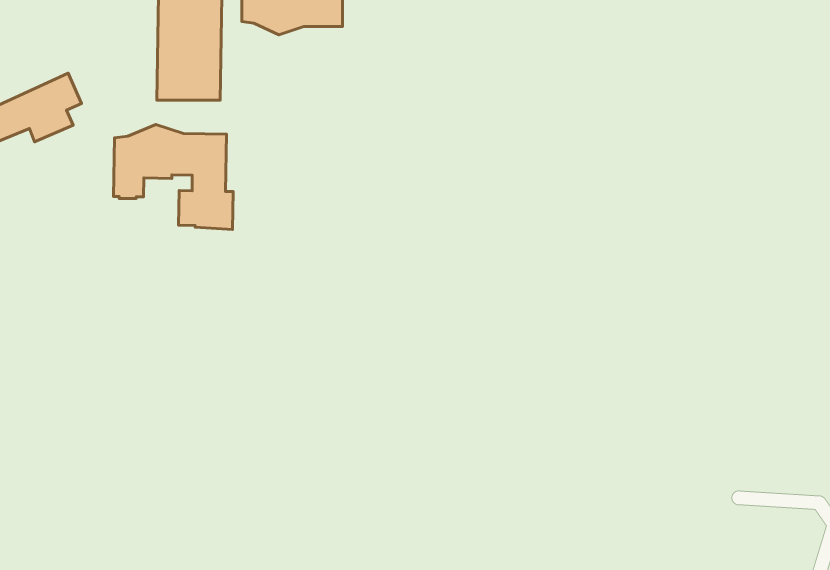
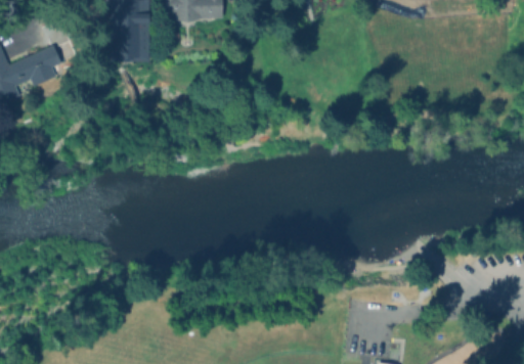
building: [114,125,233,230] -> none

